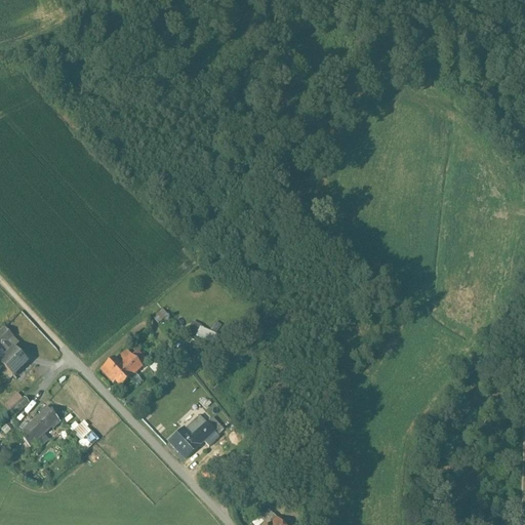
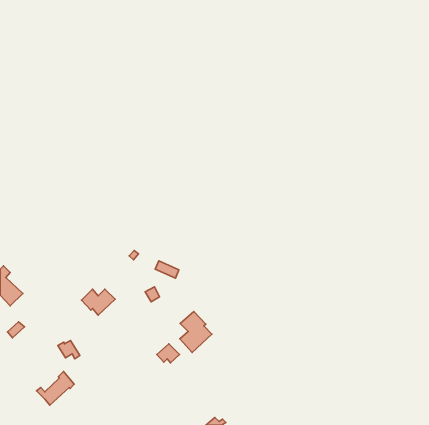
building: none -> [180,311,212,353]
building: [12,403,58,444] -> [37,372,74,405]
building: [169,426,200,456] -> none

